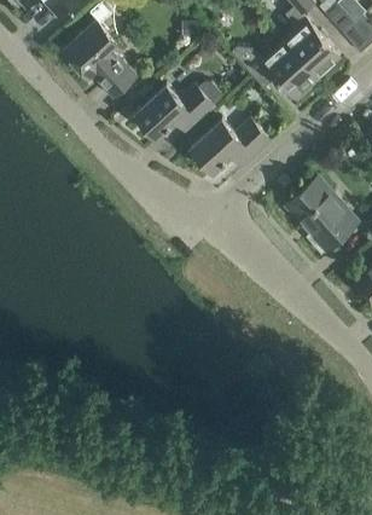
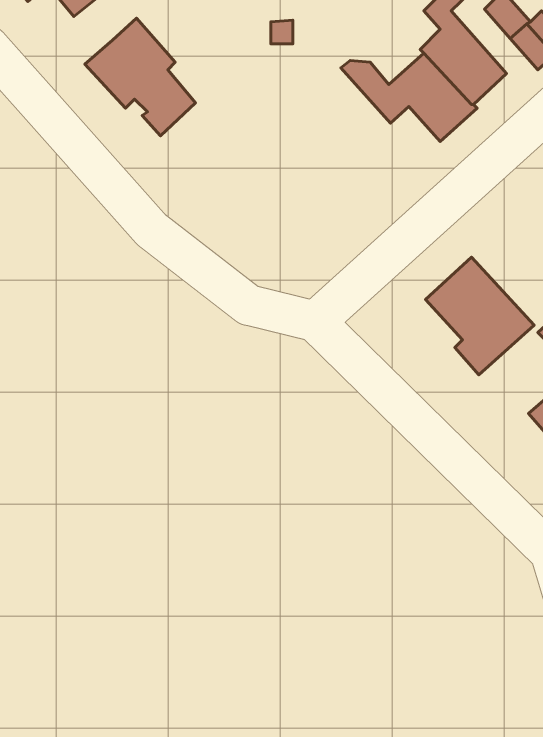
building: [136,82,226,138] -> none
building: [192,117,272,172] -> none

